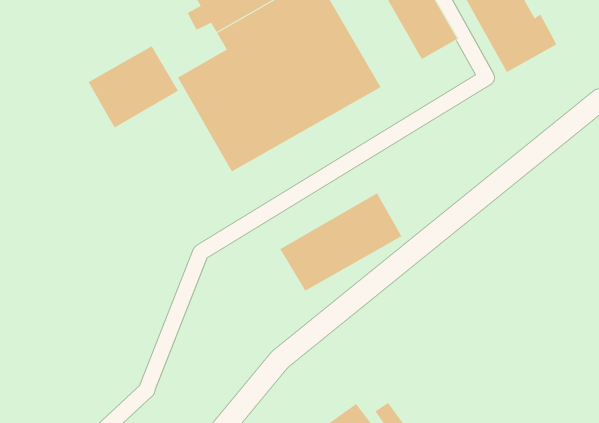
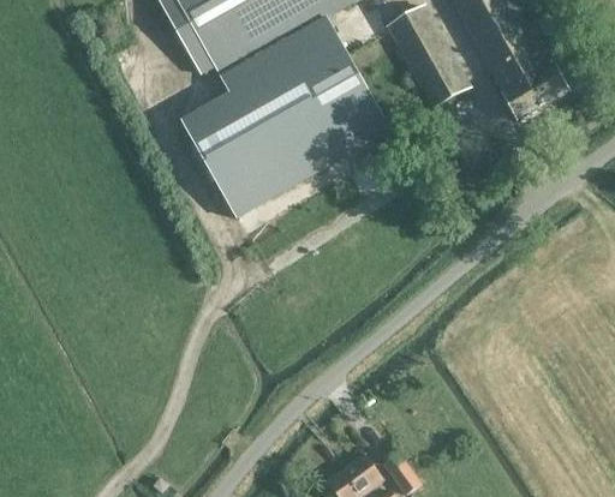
building: [88,46,179,128] -> none
building: [279,192,402,292] -> none

